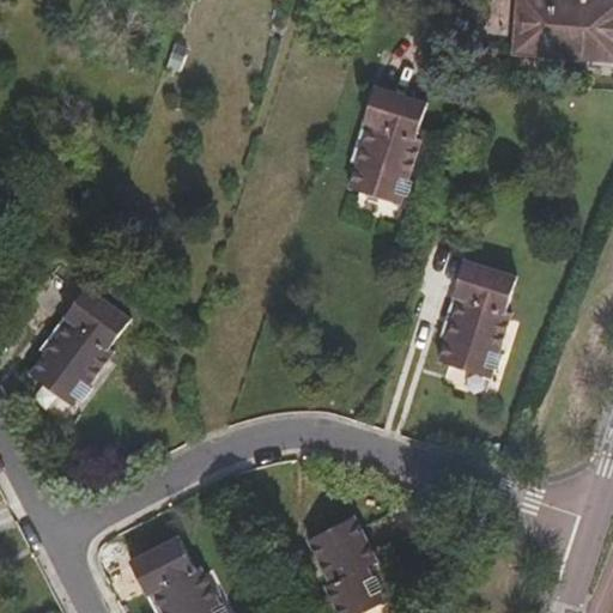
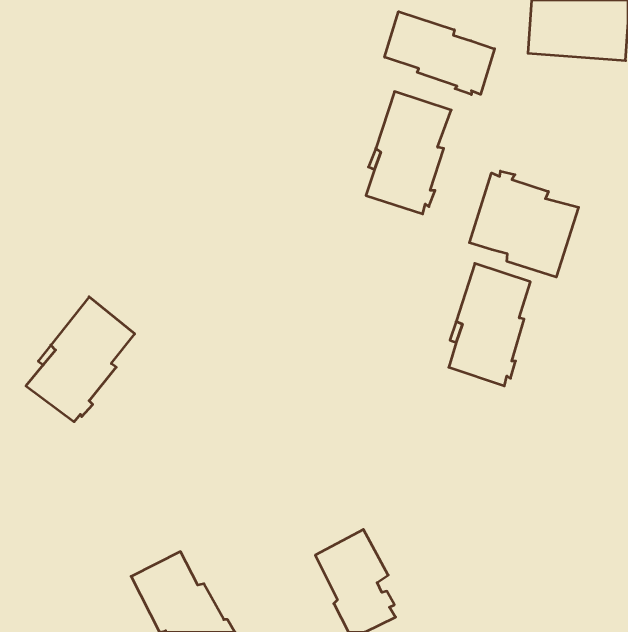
building: none -> [385,12,495,95]
building: none -> [469,171,579,277]

